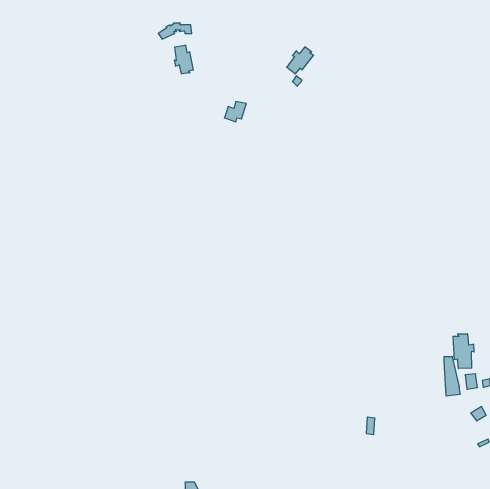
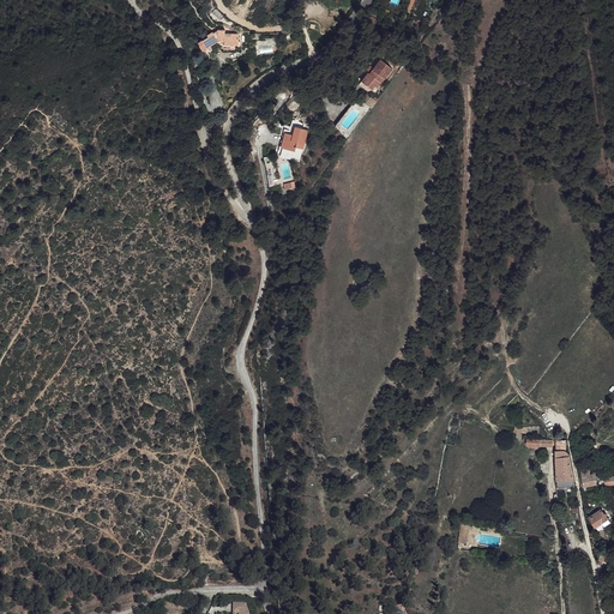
building: [175,45,193,74] -> none
building: [453,334,474,369] -> none

